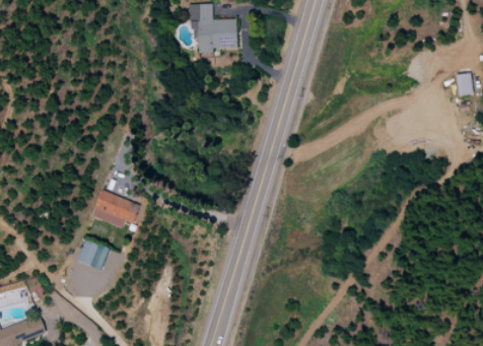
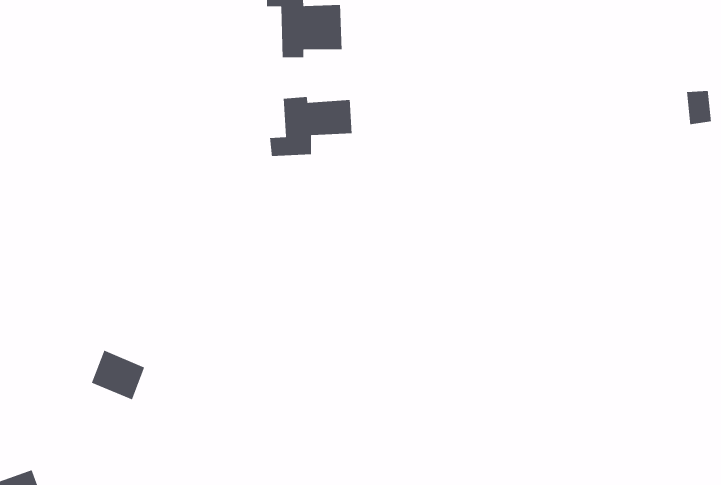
building: none -> [269,96,352,157]
building: [90,190,140,228] -> none

